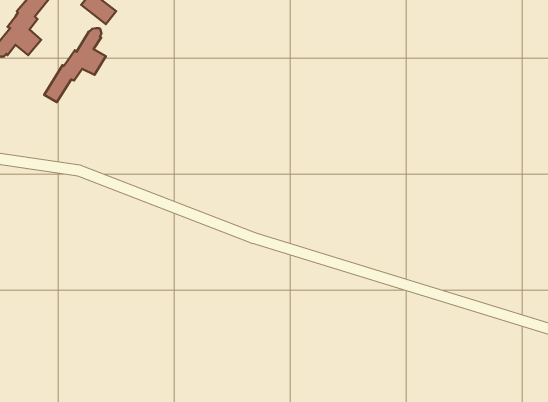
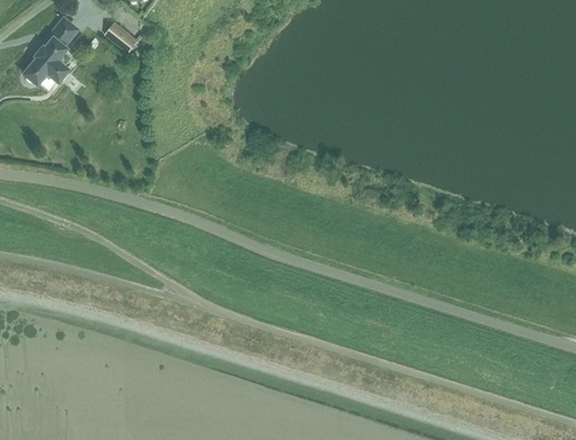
building: [44,28,106,102] -> none

